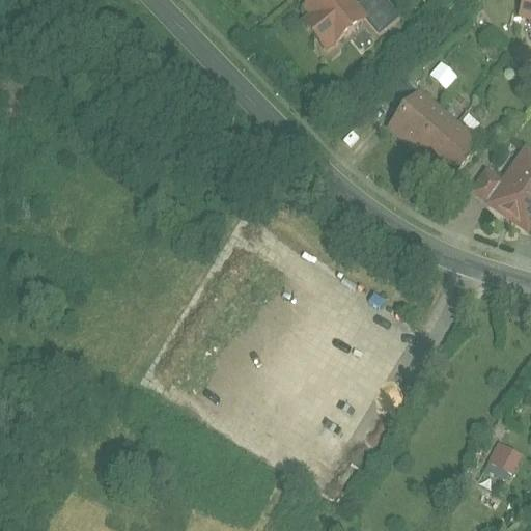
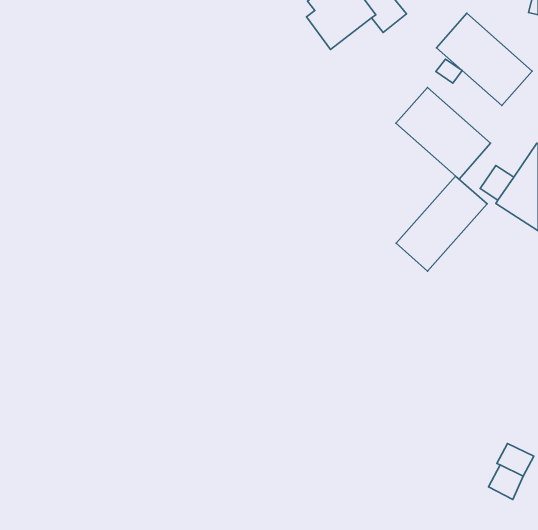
building: none -> [436,13,532,106]
building: none -> [396,176,487,271]

